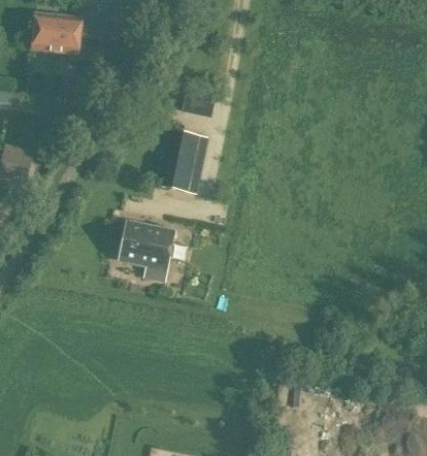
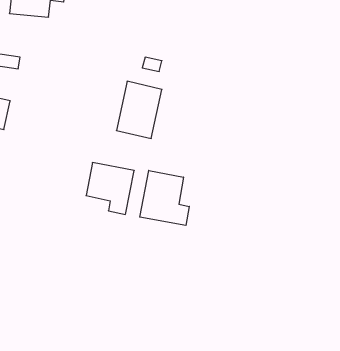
building: none -> [140,170,189,225]

